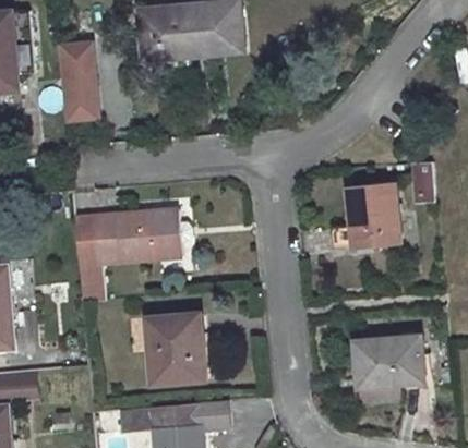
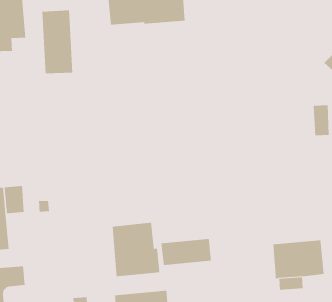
building: [328,182,400,250] -> none
building: [75,209,182,302] -> none
building: none -> [161,238,211,266]

